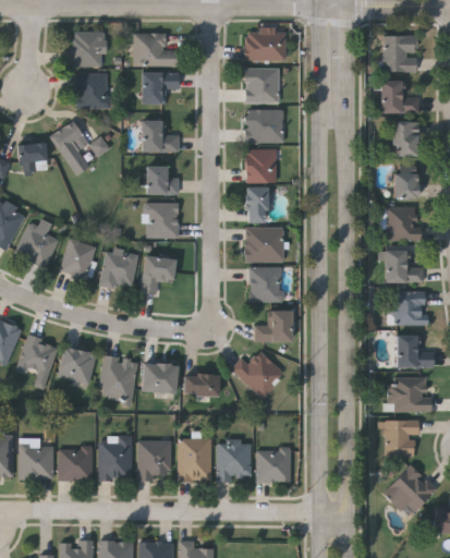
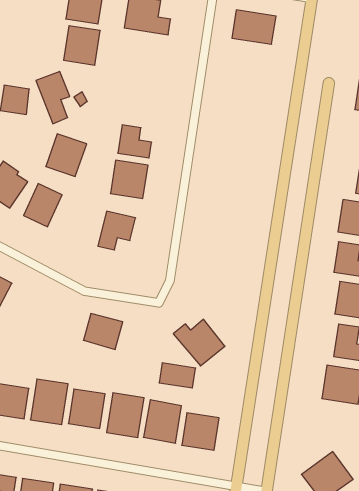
building: [243,68,279,101] -> none
building: [142,71,180,104] -> none
building: [245,109,283,142] -> none
building: [142,119,179,150] -> none
building: [244,148,277,181] -> none
building: [246,186,267,221] -> none
building: [244,226,282,262] -> none
building: [100,247,138,288] -> [46,134,87,176]
building: [250,266,282,301] -> none
building: [255,310,291,340] -> none
building: [57,345,96,385] -> none
building: [99,355,137,400] -> none
building: [184,374,219,395] -> [159,363,196,388]
building: [386,421,419,457] -> none

